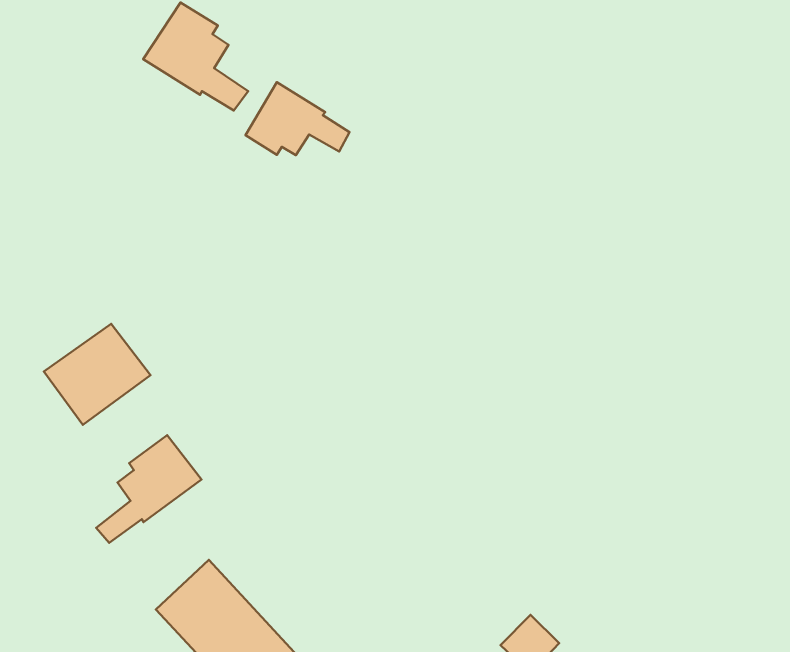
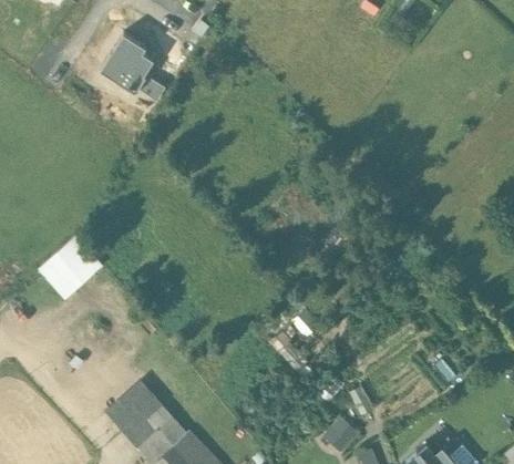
building: [245,82,350,155] -> none
building: [96,435,202,543] -> none

